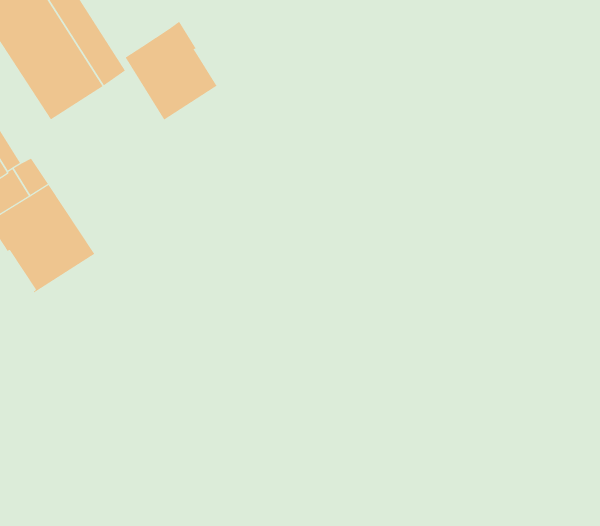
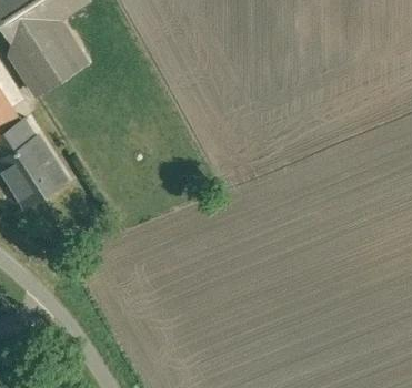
building: [125,21,220,120] -> none

